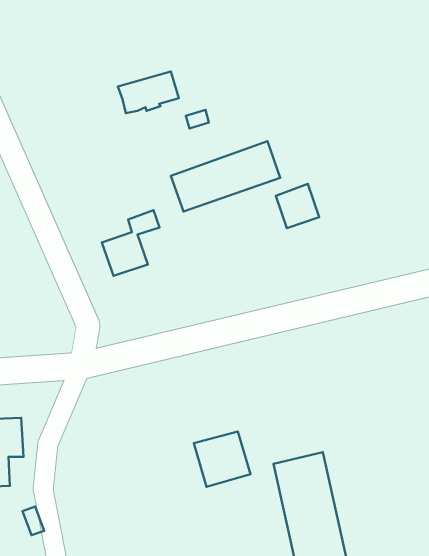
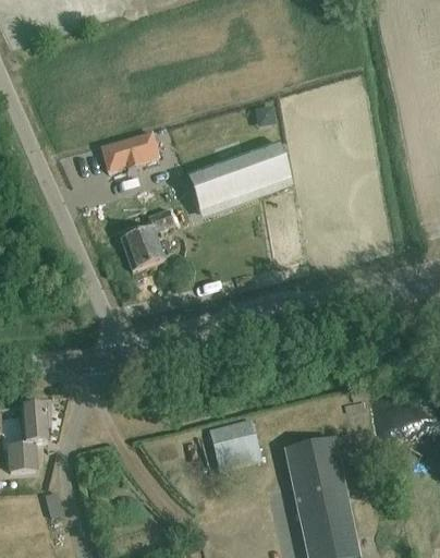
building: [118,72,179,113] -> [100,132,158,171]
building: [276,184,319,228] -> none

